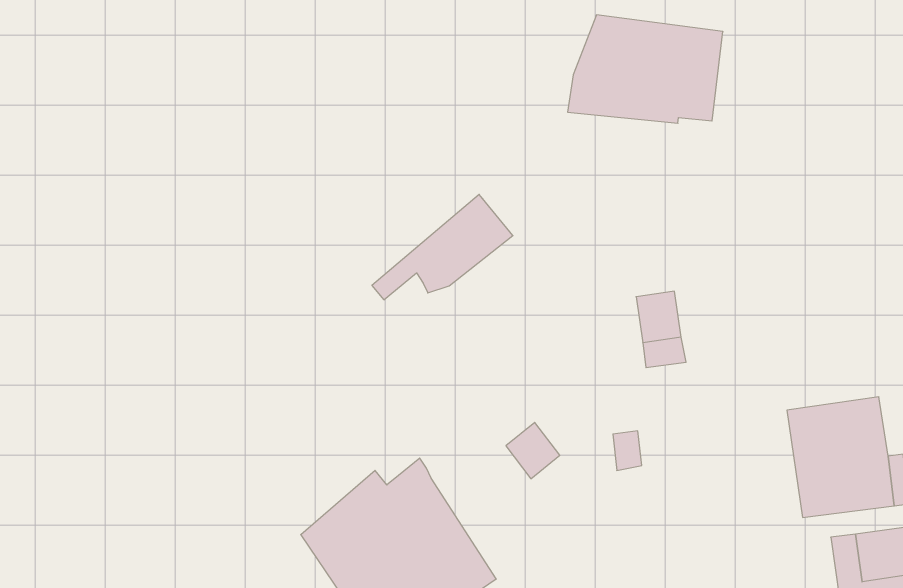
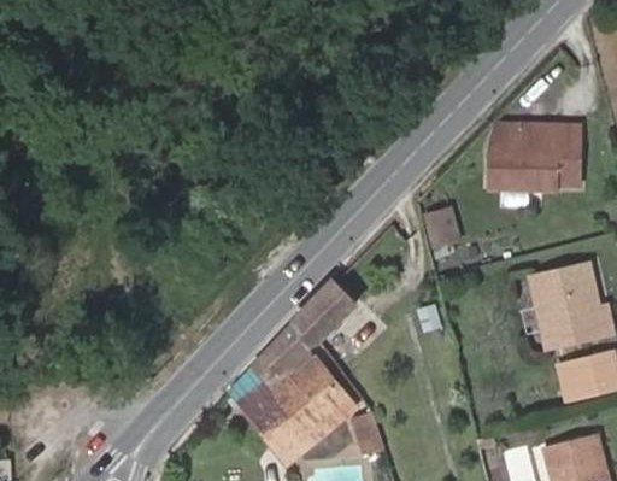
building: [568,15,723,123] -> [486,124,580,188]
building: [372,194,513,300] -> [271,280,358,353]

